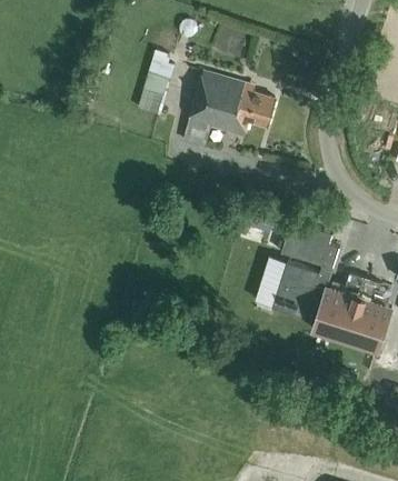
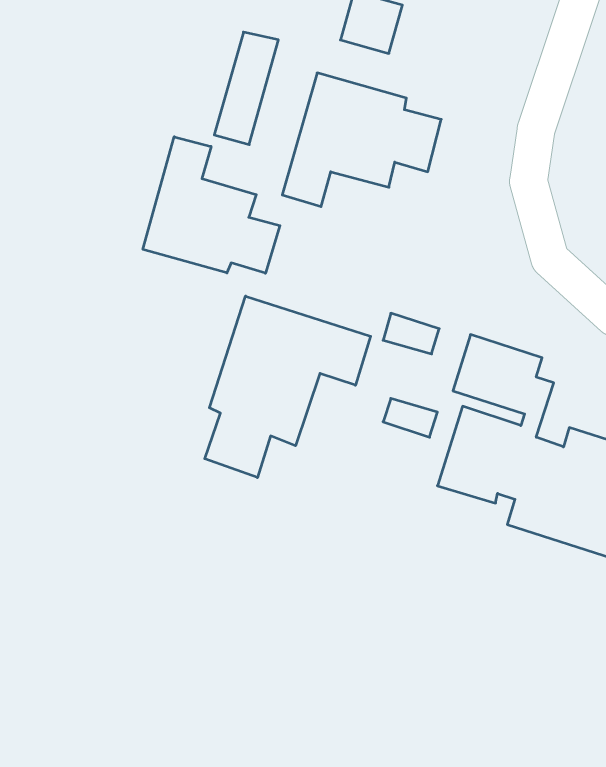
building: none -> [143,137,280,273]
building: none -> [205,296,371,478]

